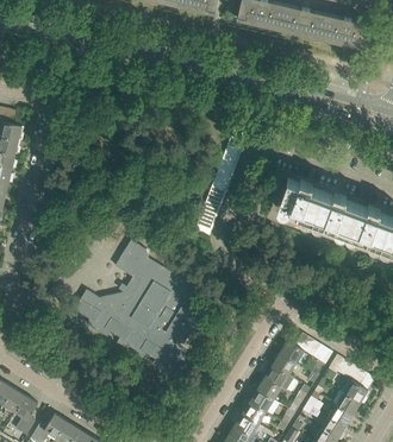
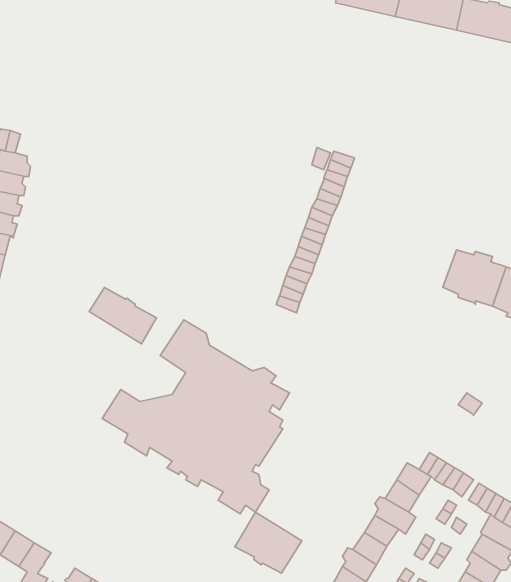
building: [277,178,322,217] -> none
building: none -> [89,288,157,344]
building: none -> [235,512,302,573]

